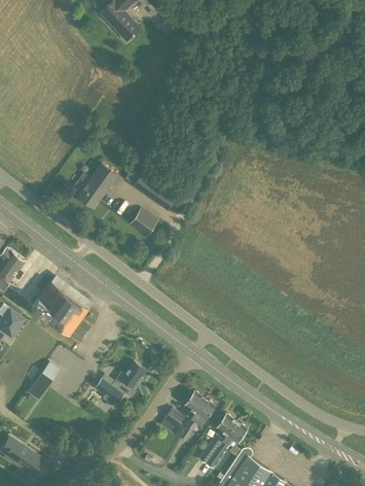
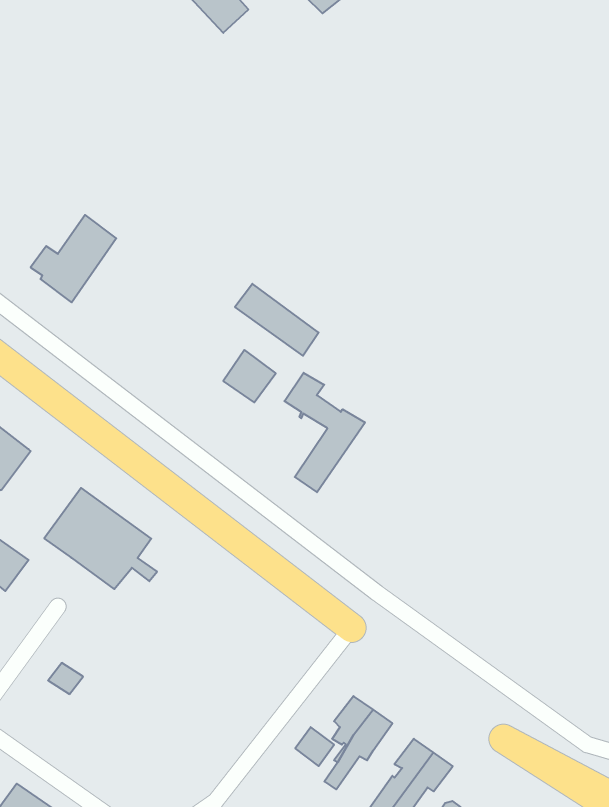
building: [71,163,116,209] -> [31,215,116,302]
building: none -> [284,373,365,492]
building: [94,361,145,405] -> none

